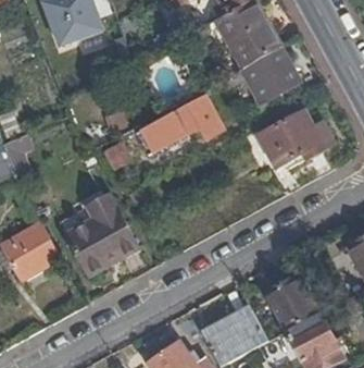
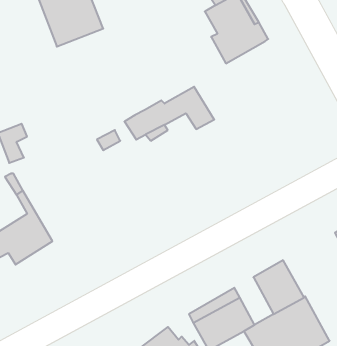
building: [222,49,297,102] -> none
building: [258,111,332,168] -> none
building: [65,194,139,273] -> none

